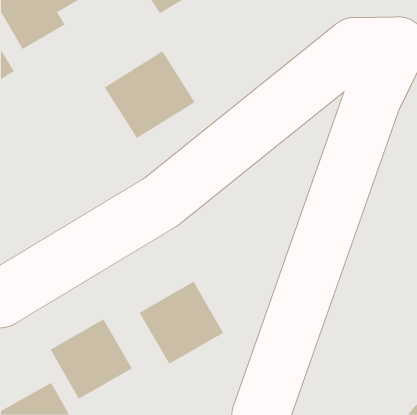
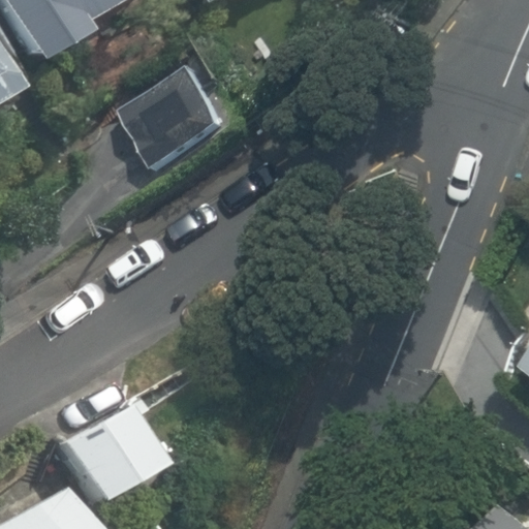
building: [139,281,224,365] -> none

